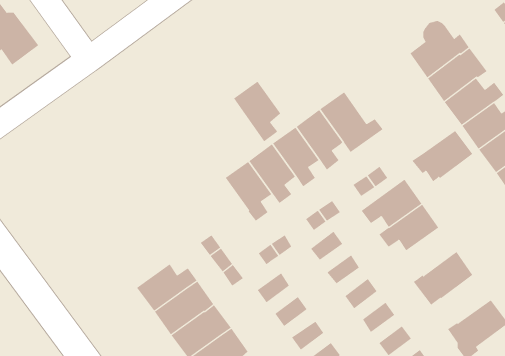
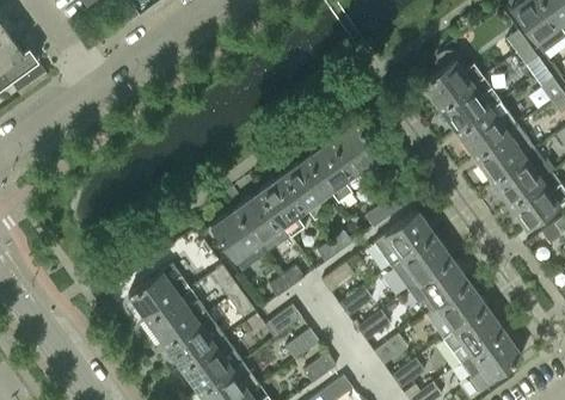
building: [233,81,282,142] -> [210,209,259,271]
building: [412,130,473,182] -> [407,259,469,312]
building: none -> [129,271,190,320]
building: none -> [443,307,504,362]

